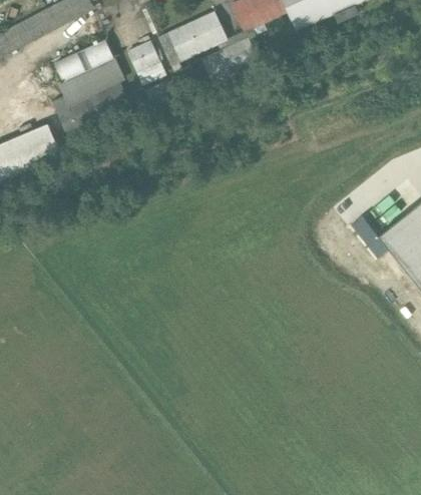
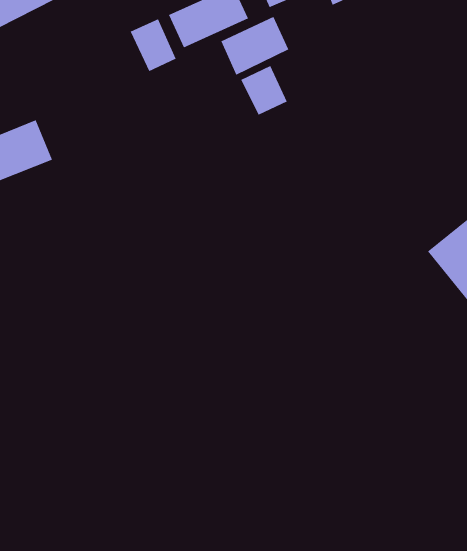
building: [54,39,131,133] -> none
building: none -> [241,65,288,115]

